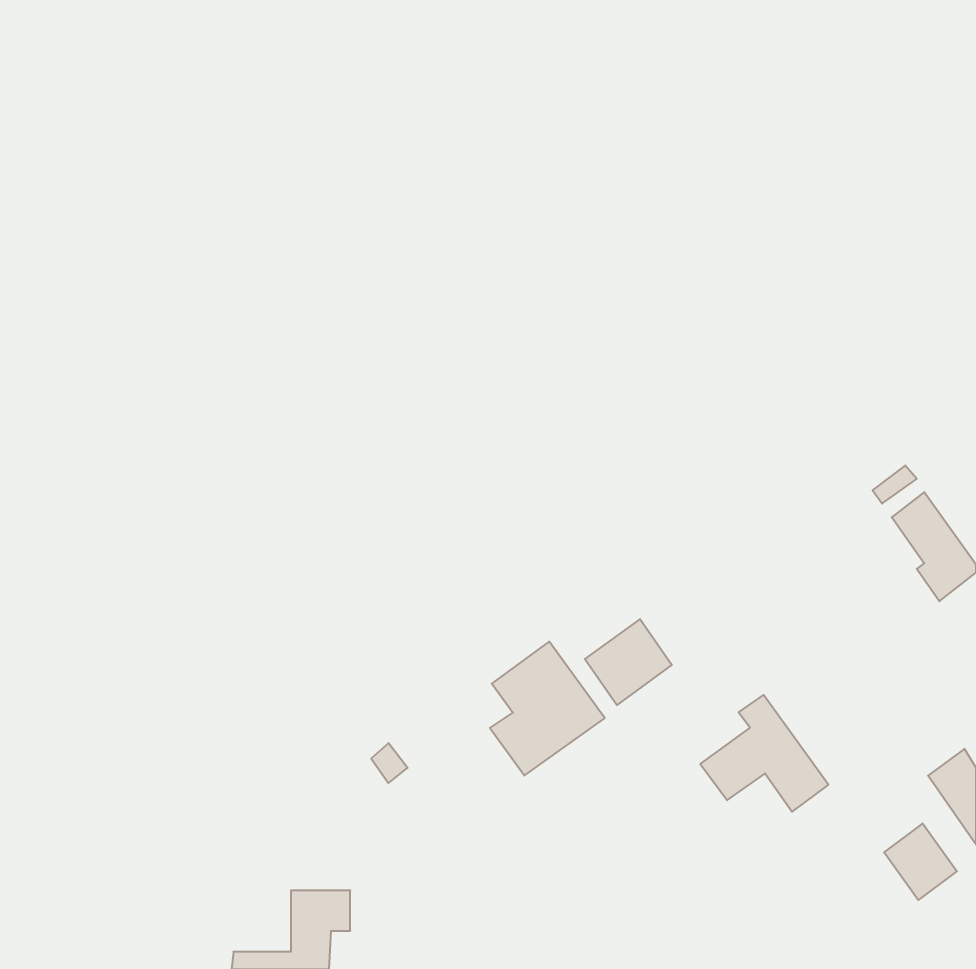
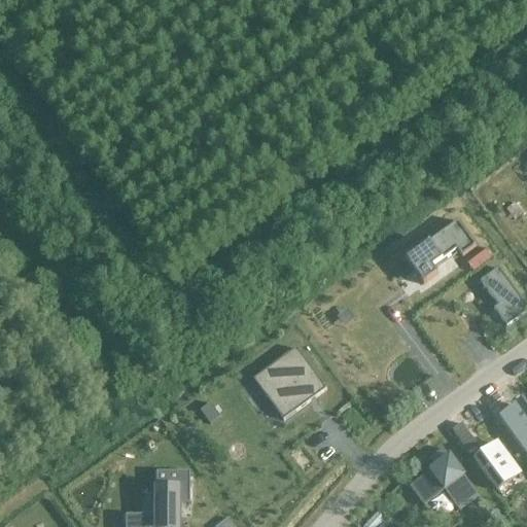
building: none -> [405,218,475,281]
building: [585,619,672,705] -> none
building: [700,695,828,812] -> [409,446,478,508]

